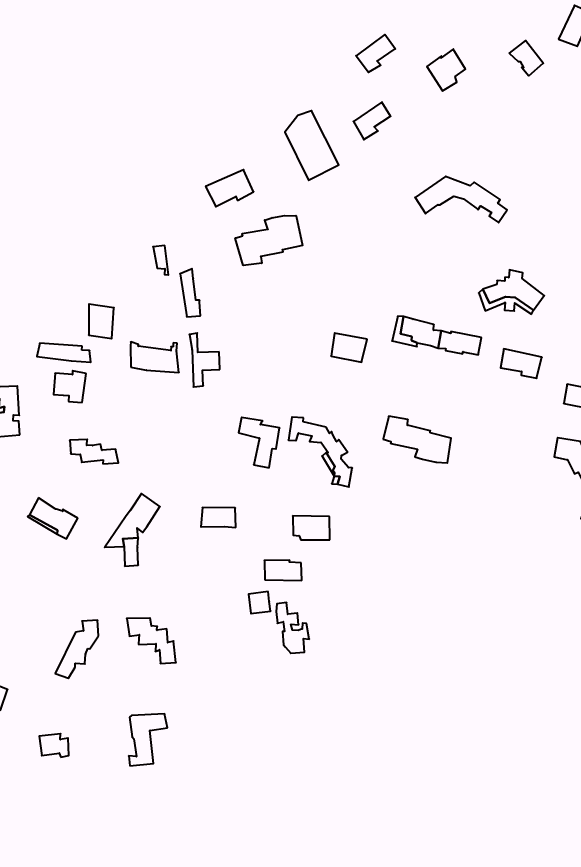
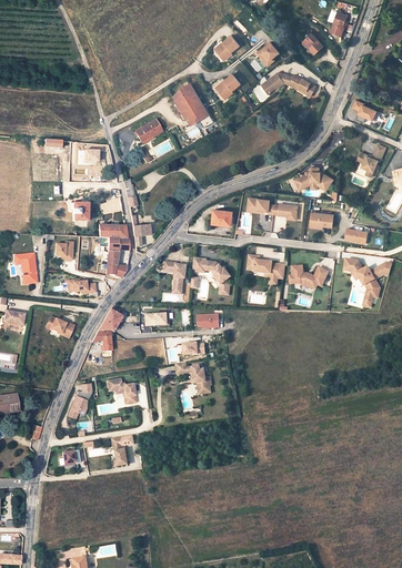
building: [415,176,507,223] -> [262,71,315,95]
building: [235,216,303,265] -> none
building: none -> [107,237,129,276]
building: none -> [291,265,328,286]

